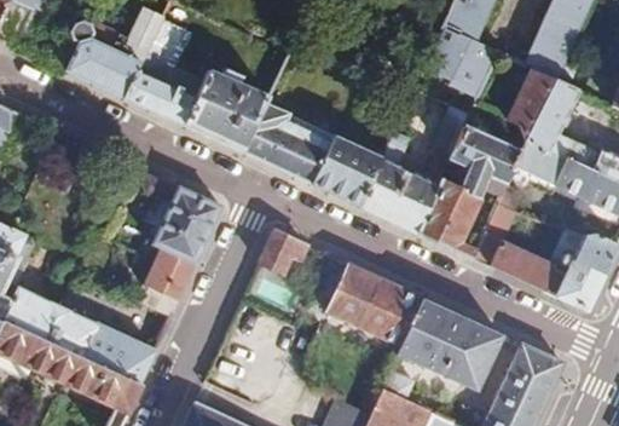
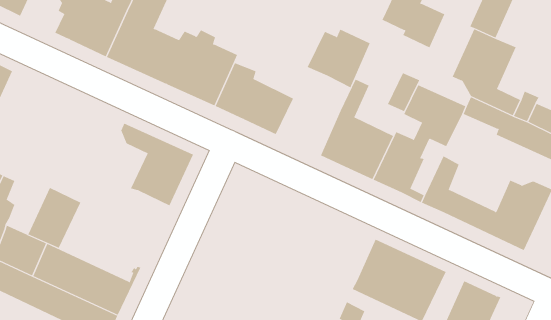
building: [313,142,383,207] -> [307,29,371,88]
building: [258,230,307,274] -> none
building: [137,246,196,313] -> [27,187,81,249]
building: [325,264,422,345] -> none

